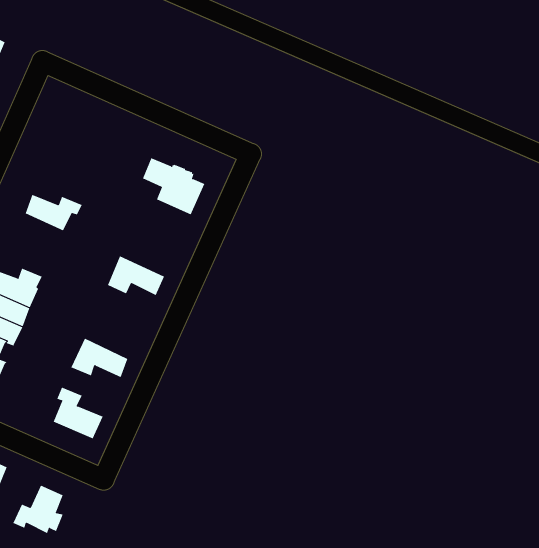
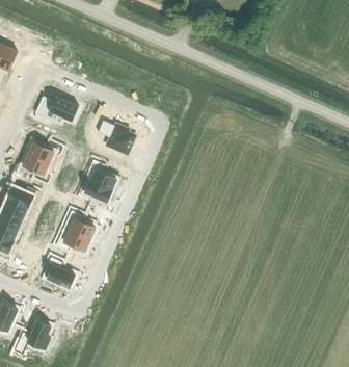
building: none -> [35,96,78,121]
building: none -> [23,153,51,182]
building: none -> [84,159,116,190]
building: none -> [63,209,95,239]

